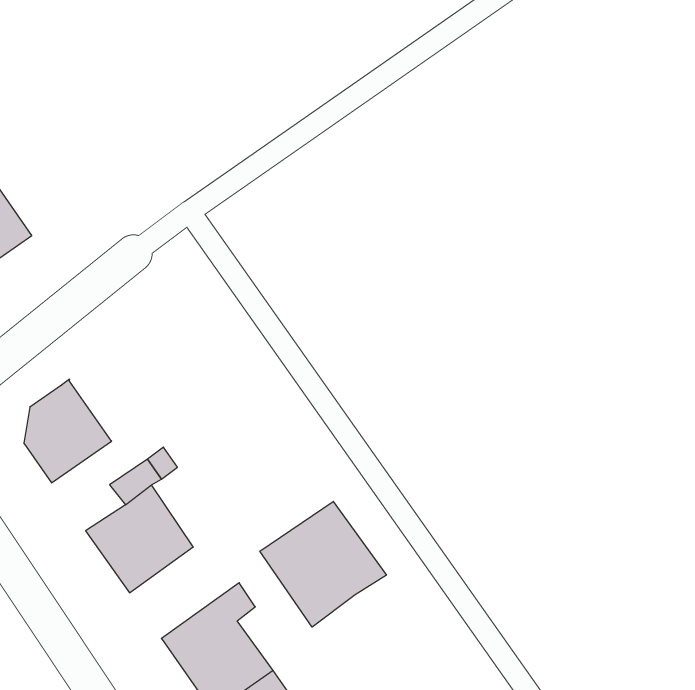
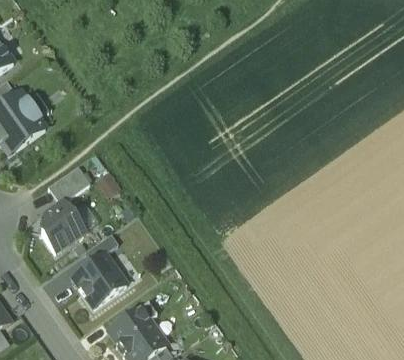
building: none -> [48,165,90,202]
building: [260,501,386,627] -> none

